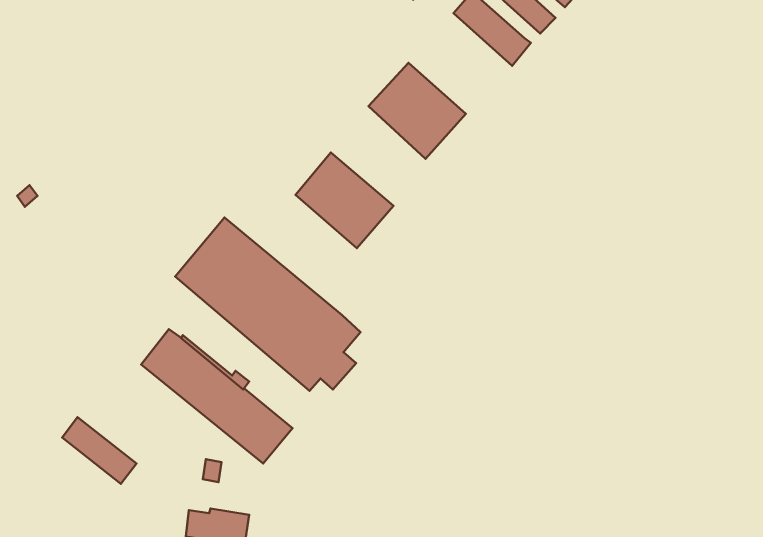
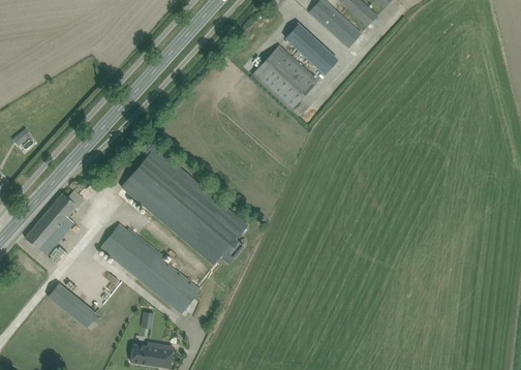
building: none -> [285,24,337,73]
building: [295,153,394,248] -> none
building: none -> [25,190,84,256]

